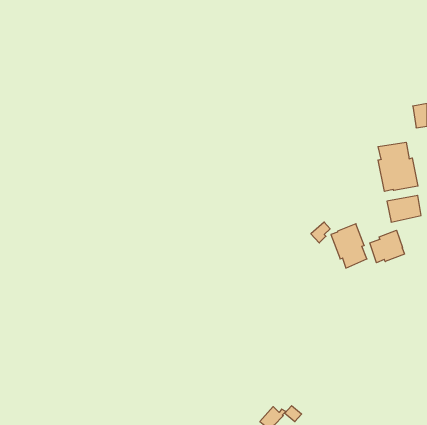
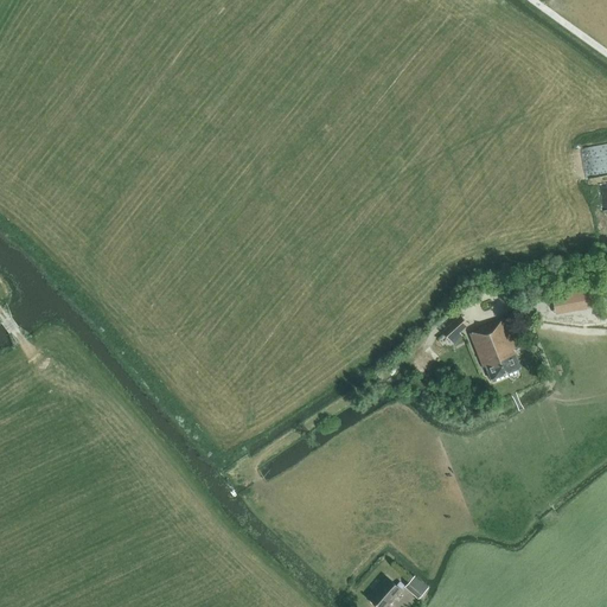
building: [378,142,418,191] -> none
building: [370,230,405,263] -> none

